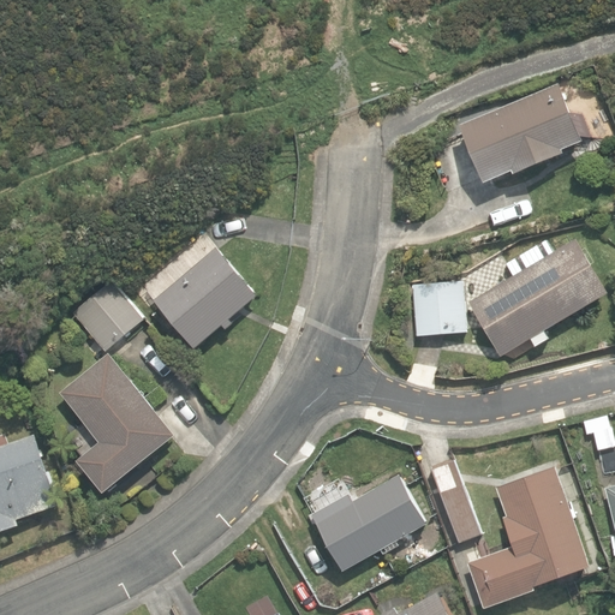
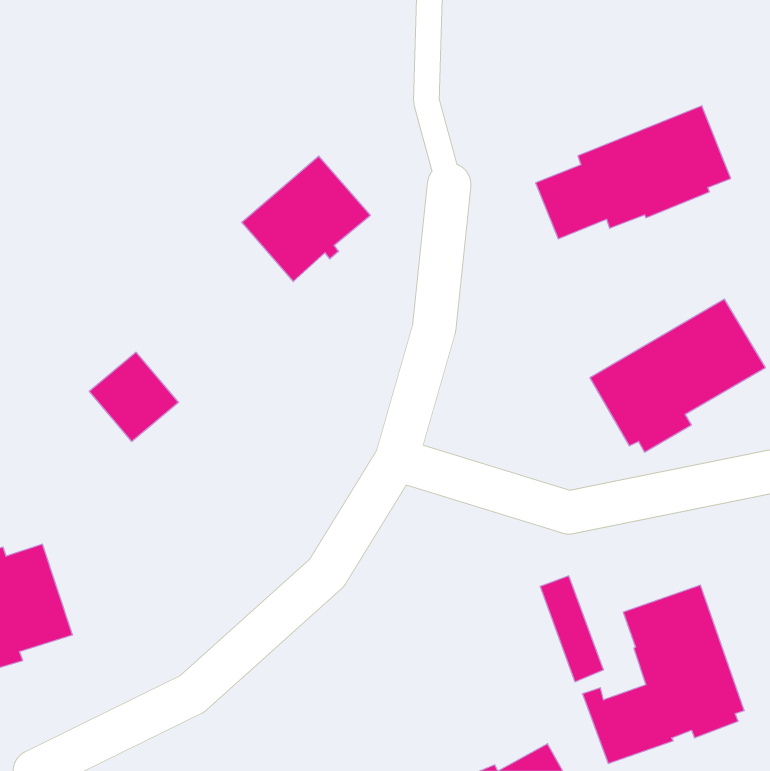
building: [155,247,257,347] -> [242,156,370,282]
building: [411,280,464,334] -> none
building: [59,353,173,492] -> none
building: [310,474,424,569] -> none

